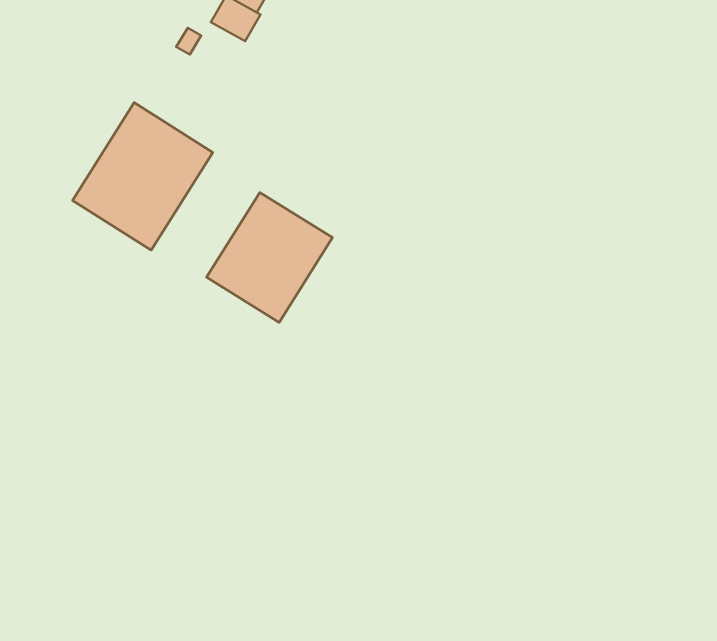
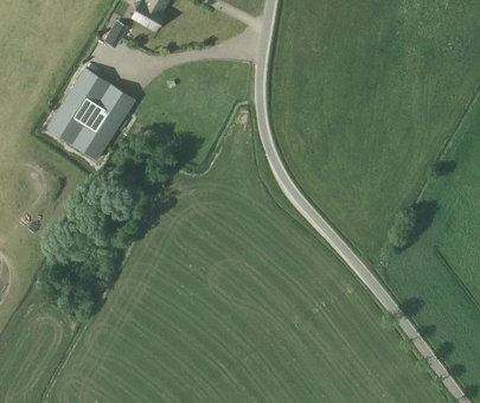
building: [206,192,332,322] -> none

